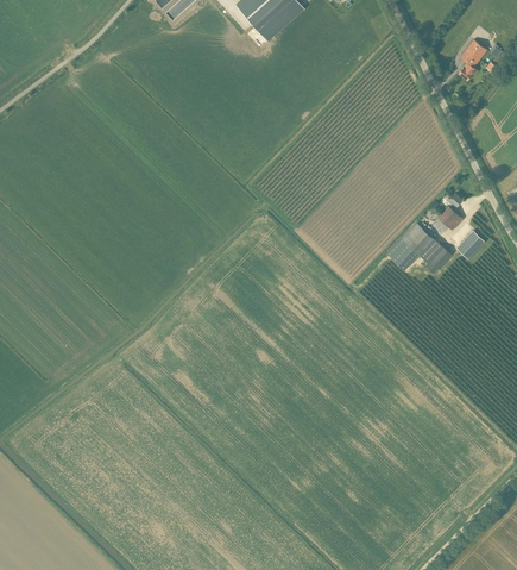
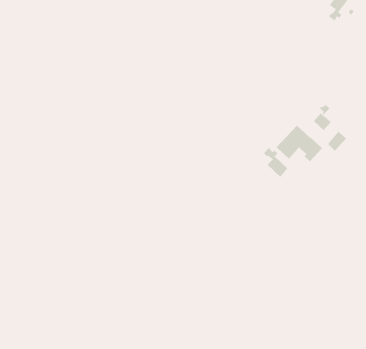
building: none -> [263,147,288,178]

